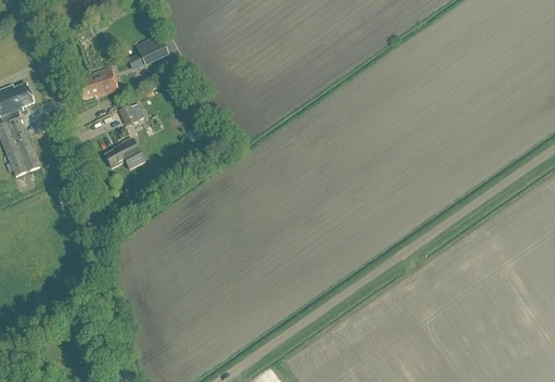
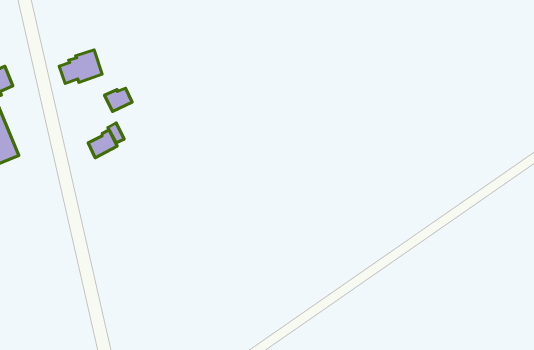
building: [137,37,168,64] -> none

